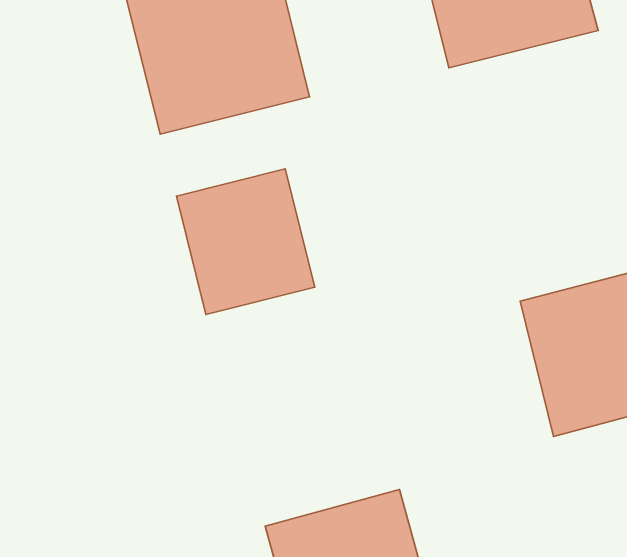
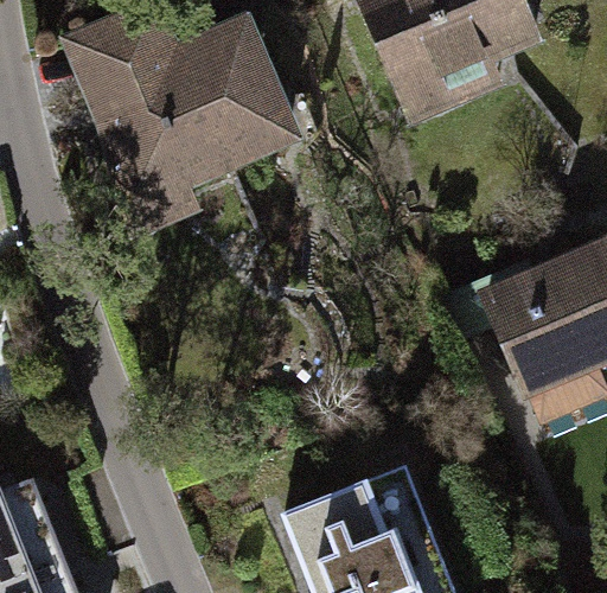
building: [176,169,315,315] -> none

